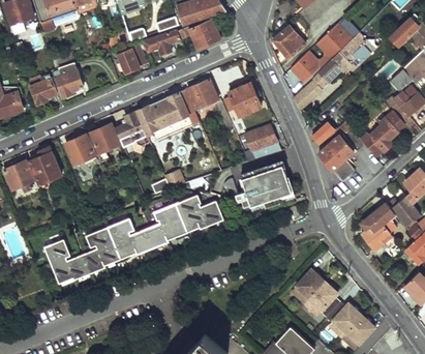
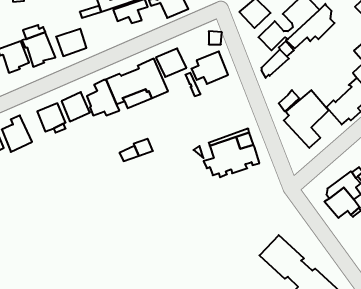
building: [115,42,146,70] -> [56,29,86,56]
building: [245,125,280,161] -> none
building: [44,195,224,285] -> none

